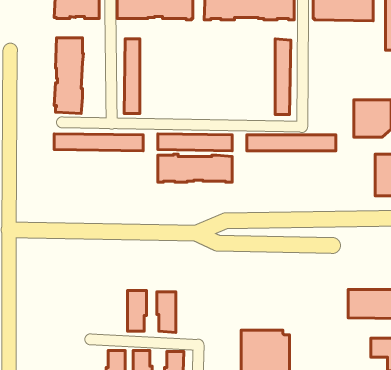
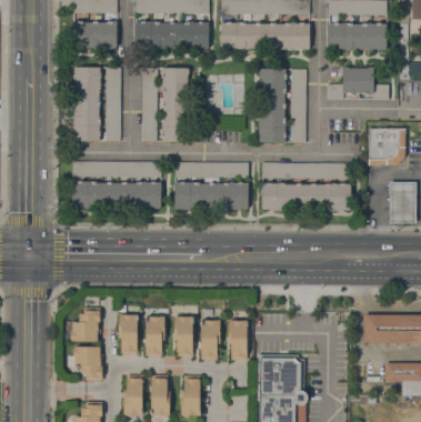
building: none -> [104,67,120,141]
building: none -> [161,67,189,142]
building: none -> [327,67,388,99]
building: none -> [258,69,285,143]
building: none -> [71,181,161,209]
building: none -> [261,182,350,209]
building: none -> [67,307,100,341]
building: none -> [118,314,137,353]
building: none -> [200,320,220,360]
building: none -> [228,320,247,360]
building: none -> [67,345,102,380]

